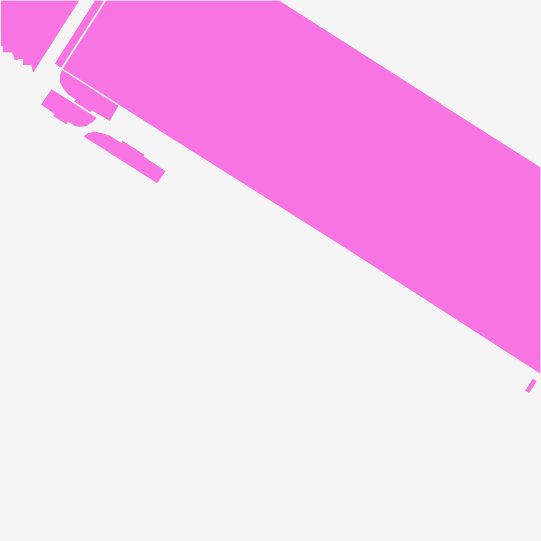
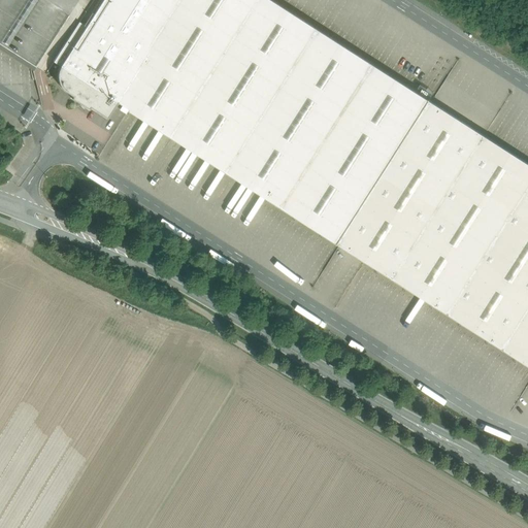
building: [40,88,98,128] -> none
building: [82,131,167,184] -> none

